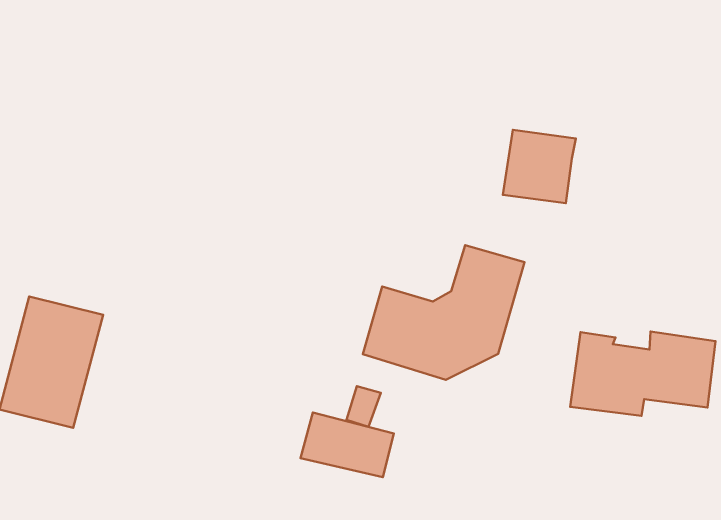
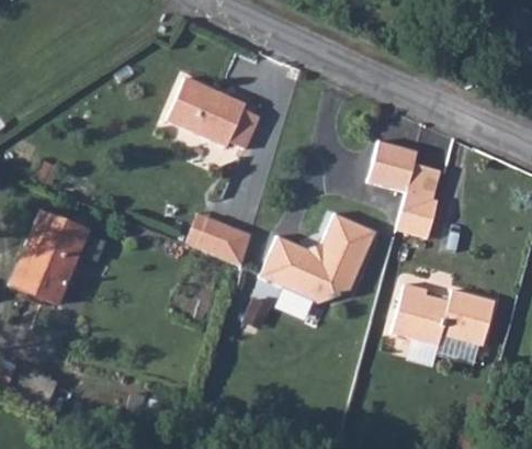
building: none -> [167,78,261,150]
building: none -> [397,165,442,239]
building: [301,413,394,477] -> [188,214,252,263]

